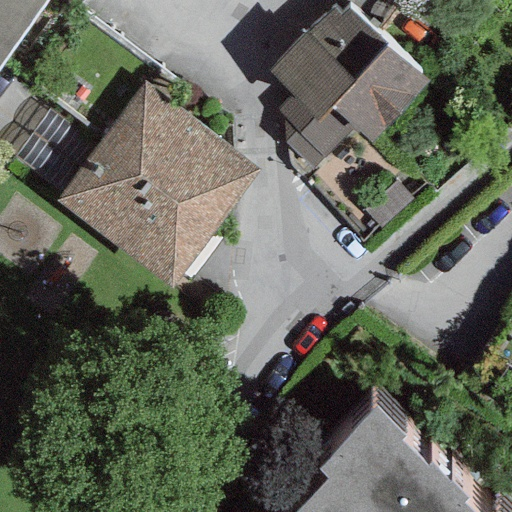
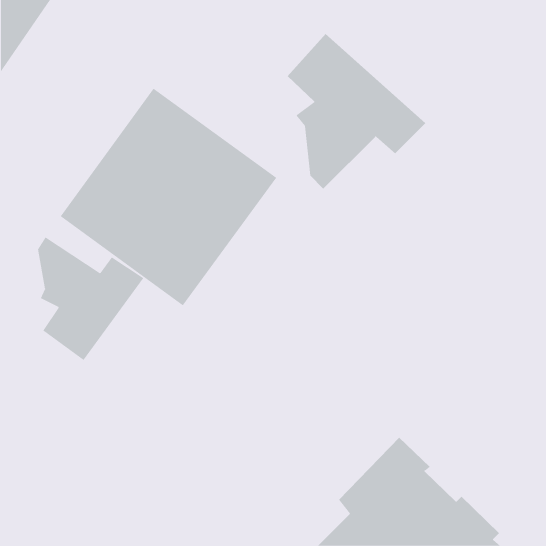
building: [305,6,430,115] -> none
building: none -> [37,236,144,361]

